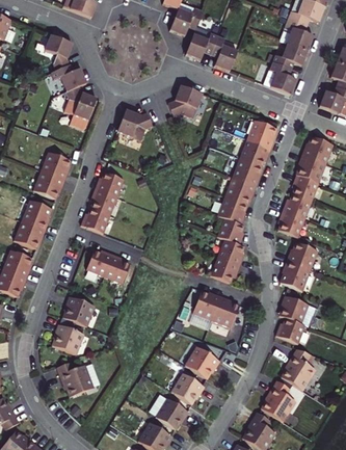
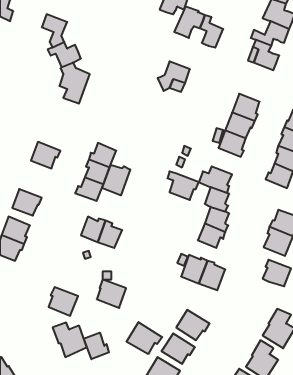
building: [116,110,153,140] -> none
building: [41,152,70,180] -> none
building: [222,175,256,205] -> [167,171,199,200]
building: none -> [102,165,130,195]
building: [21,200,51,230] -> none
building: [277,210,304,237] -> none
building: [62,296,94,326] -> [97,279,126,308]
building: [275,318,304,343] -> none
building: none -> [127,322,162,354]
building: none -> [84,333,109,359]

